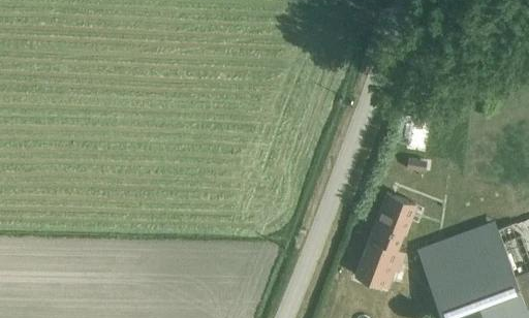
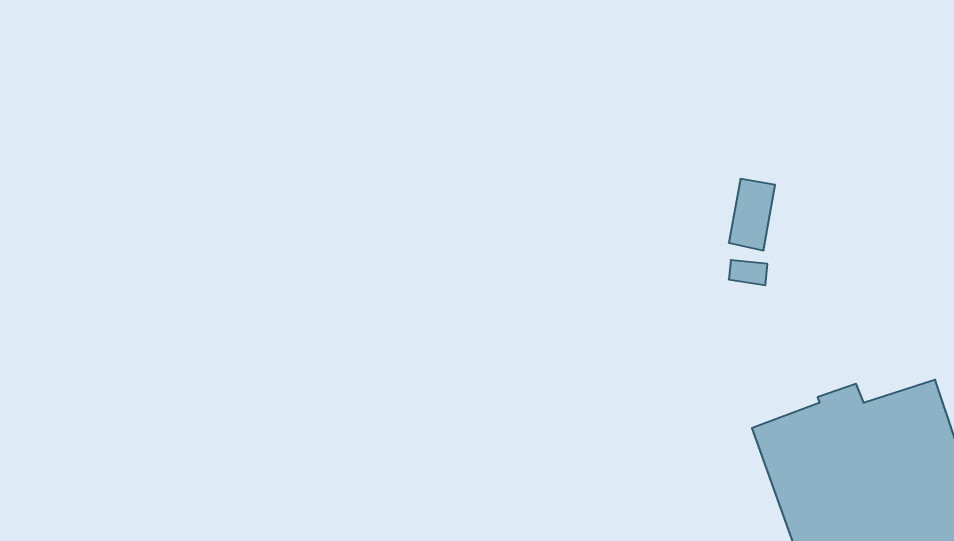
building: [352,195,417,292] -> none

